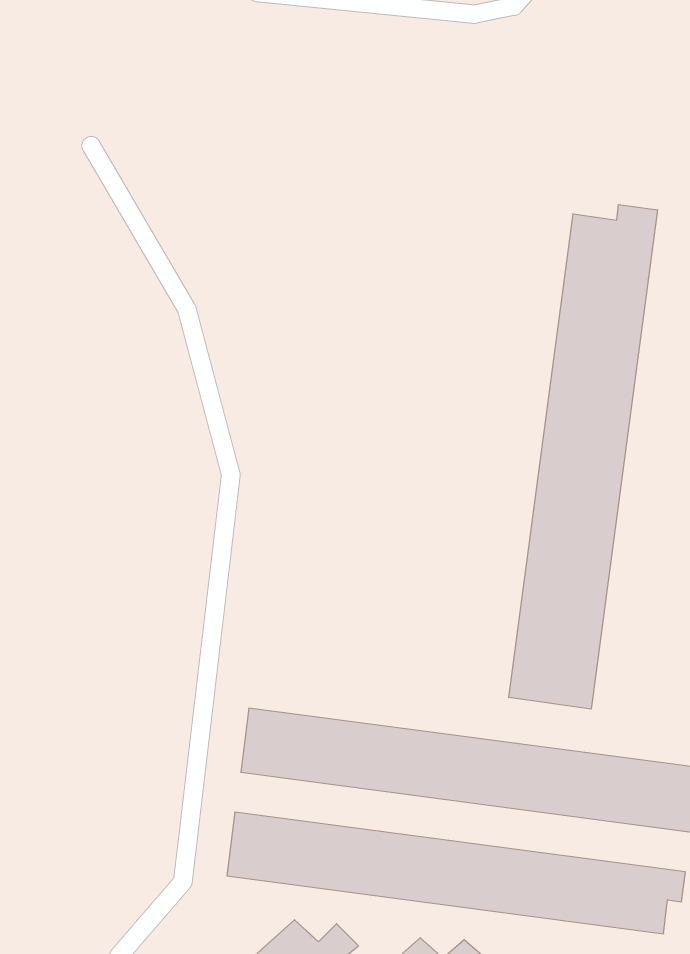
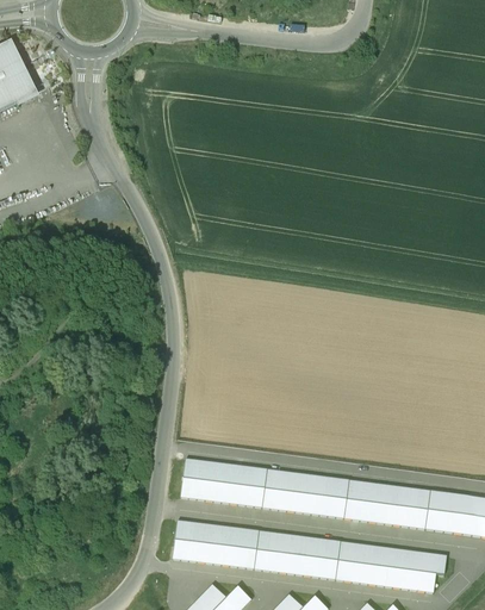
building: [509,205,657,709] -> none

